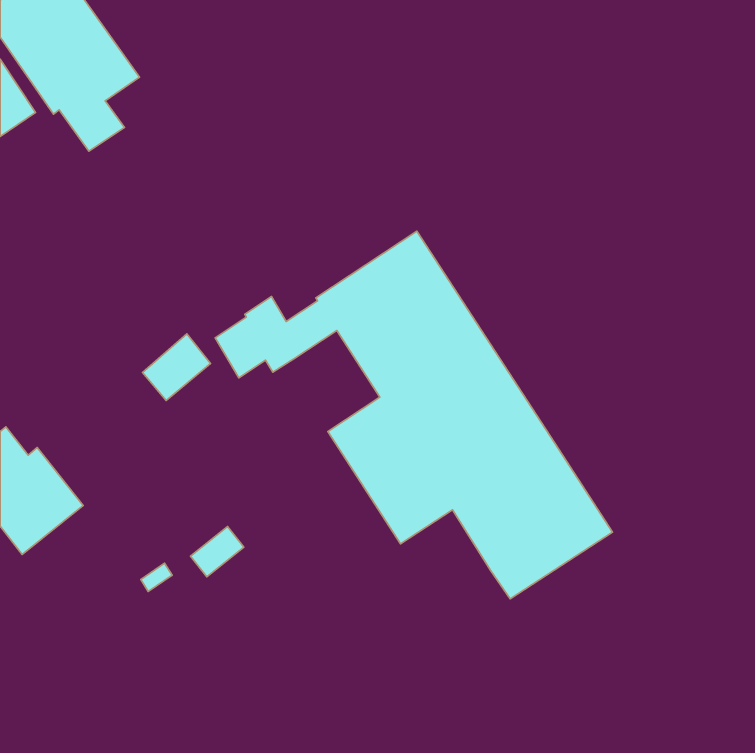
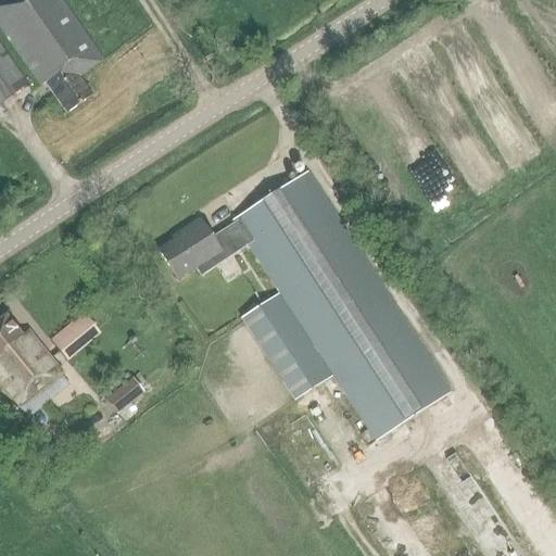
building: [142,334,211,401] -> [51,311,101,359]
building: [190,526,244,577] -> [105,375,144,412]

